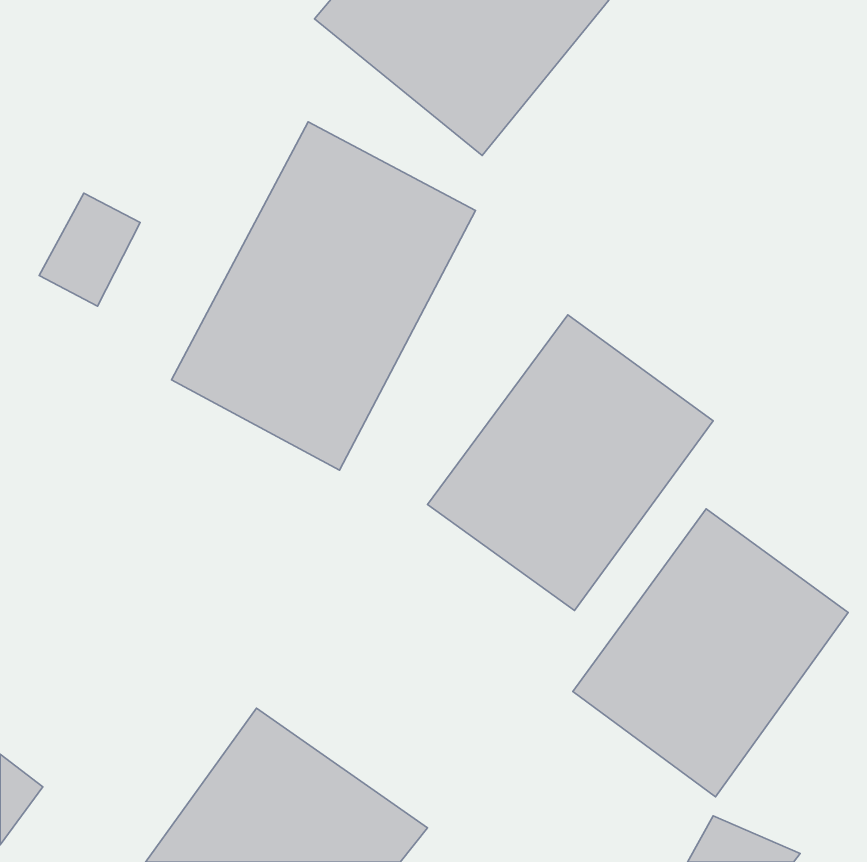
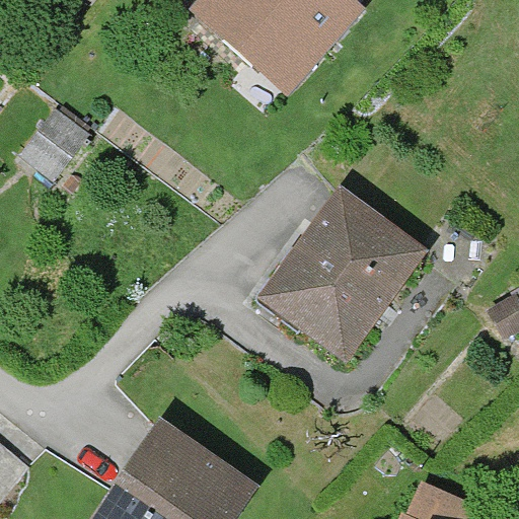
building: [172,122,475,470] -> none
building: [573,509,848,797] -> none

